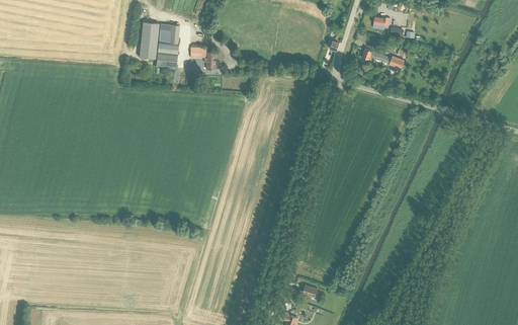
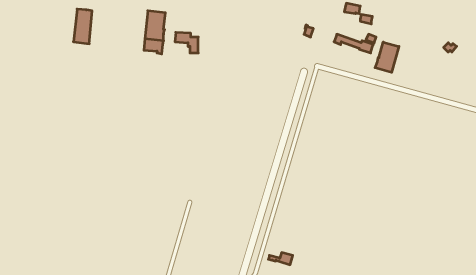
building: [138,21,158,59] -> [73,9,92,44]
building: none -> [375,42,399,72]

